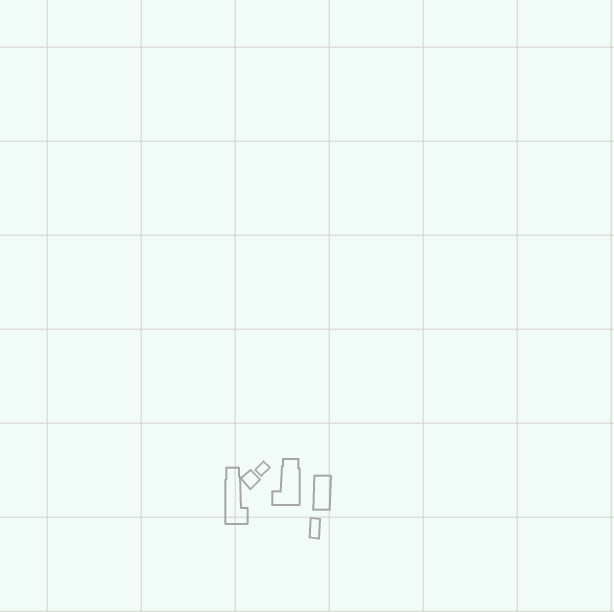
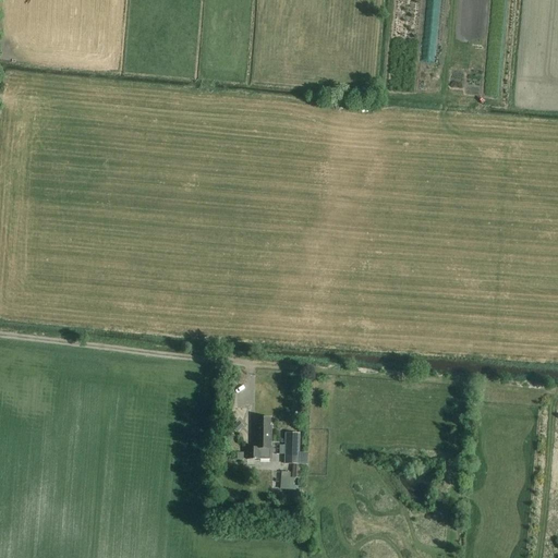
building: [225,468,247,524] -> none

